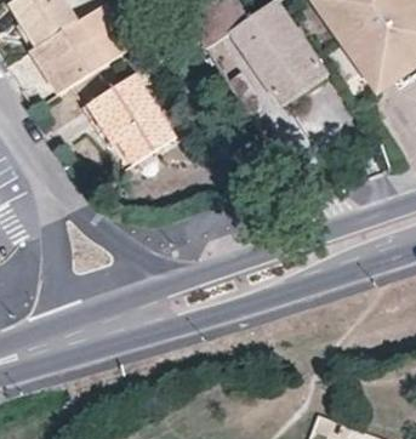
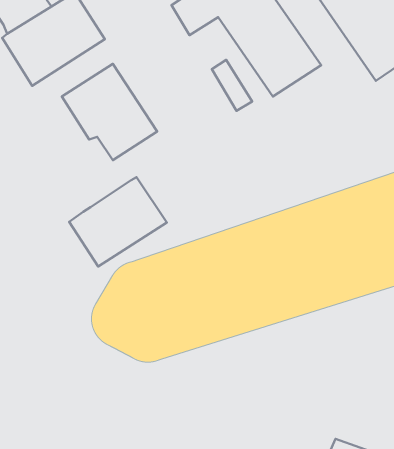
building: none -> [69,177,167,266]

